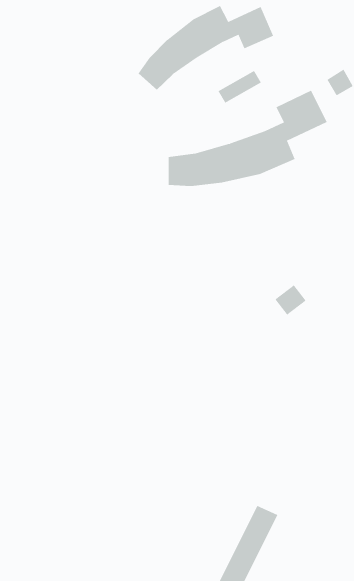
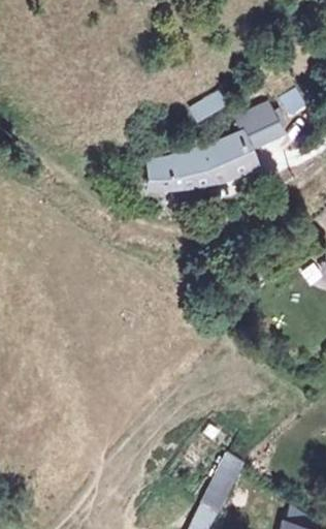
building: [138,5,274,91] -> none

